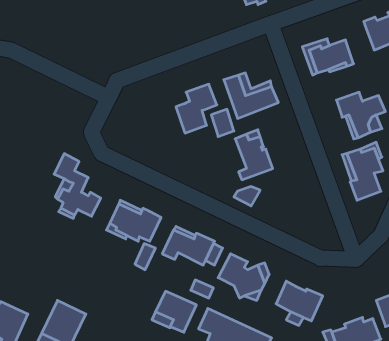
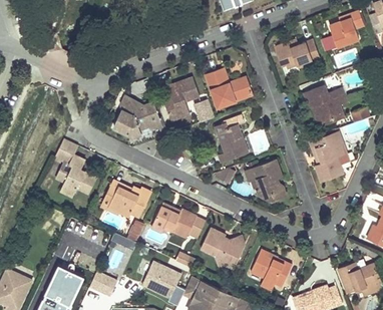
building: none -> [111,95,166,140]
building: none -> [245,160,287,202]
building: none -> [89,270,116,295]

